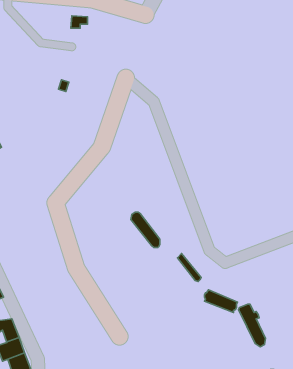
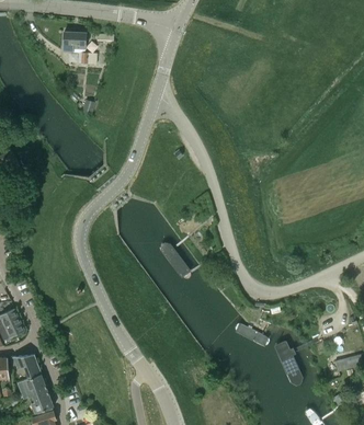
building: none -> [62,31,96,64]

